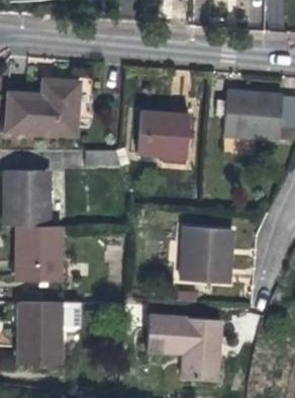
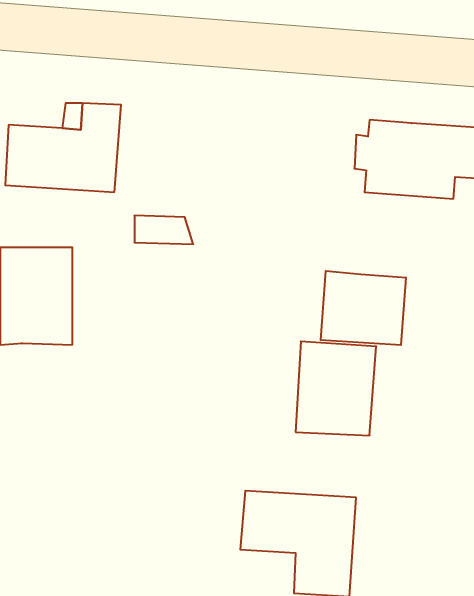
building: [138,111,190,156] -> [321,271,406,345]
building: [19,227,61,282] -> none
building: [20,302,80,365] -> none

